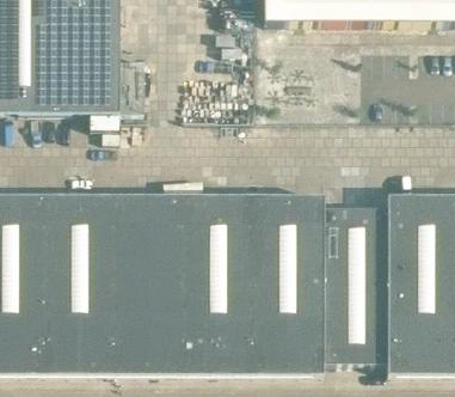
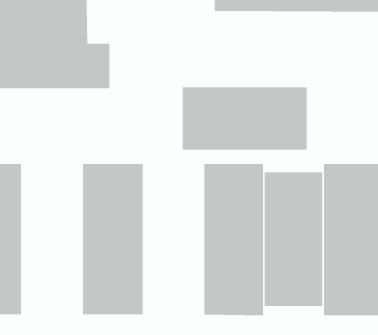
building: none -> [182,87,307,151]
building: [44,196,113,371] -> none
building: [184,196,253,371] -> none

